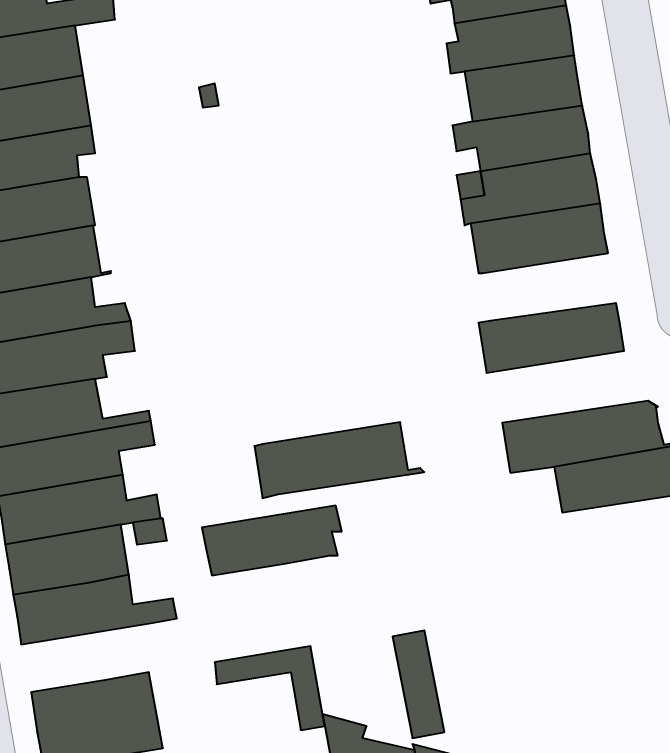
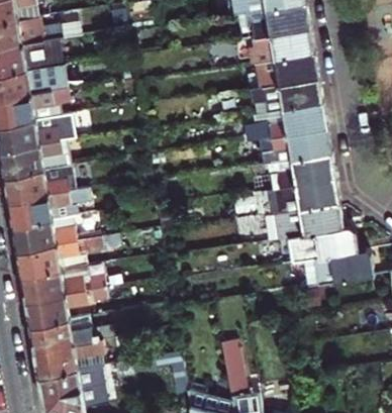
building: none -> [266,153,333,188]
building: [254,422,424,498] -> [264,203,350,241]
building: [202,506,342,575] -> [32,340,103,376]

